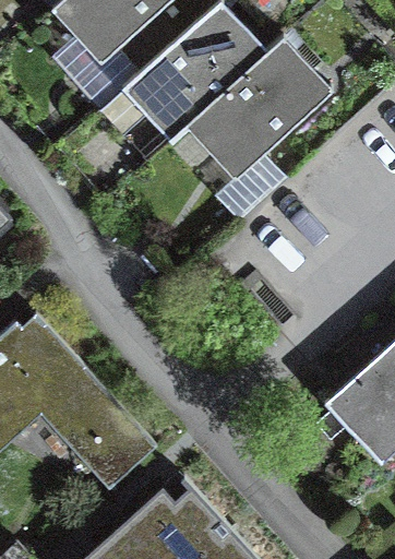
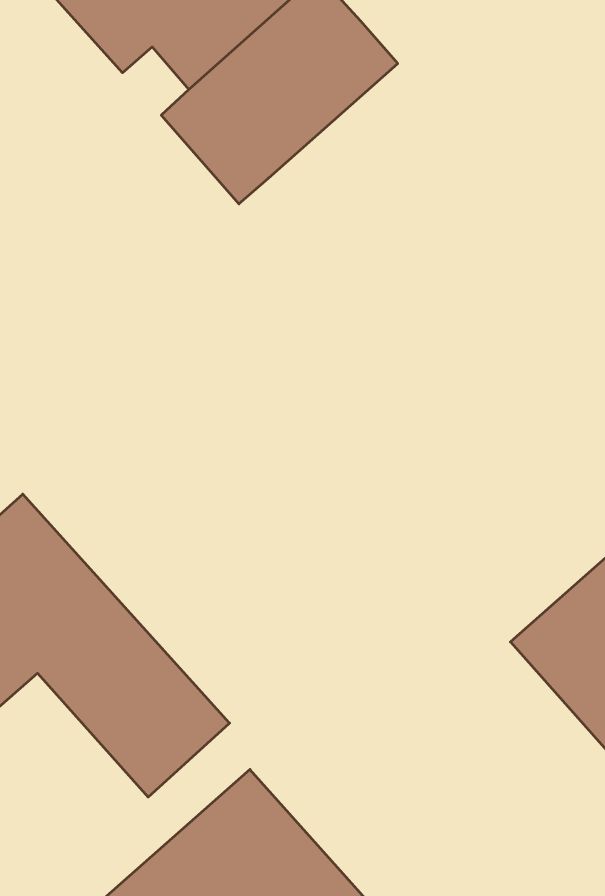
building: [185,41,328,179] -> none

